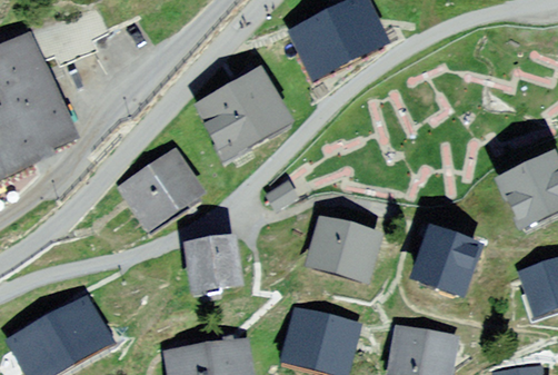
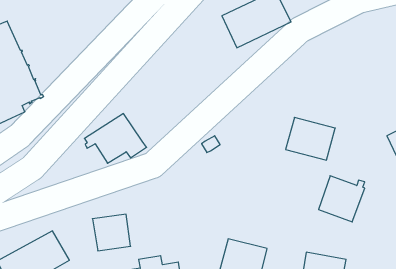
building: [202,65,283,152] -> none
building: [312,223,375,276] -> [286,117,335,160]
building: [189,244,237,289] -> [92,214,131,251]

